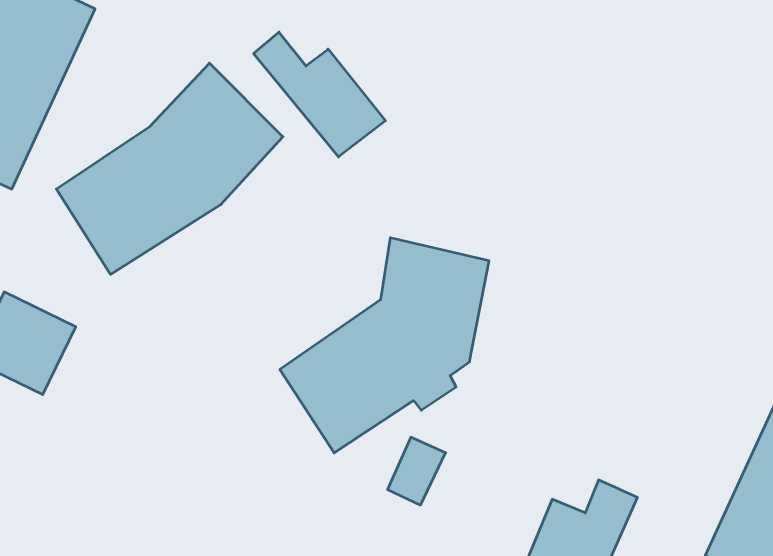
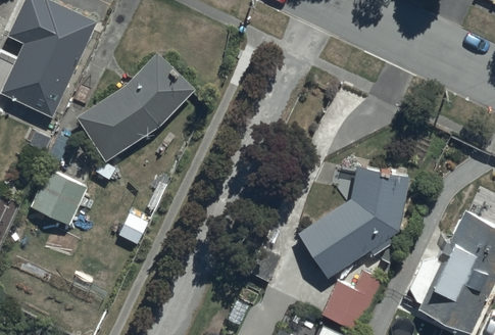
building: [254,32,385,157] -> none
building: [280,238,489,453] -> [298,164,408,278]

